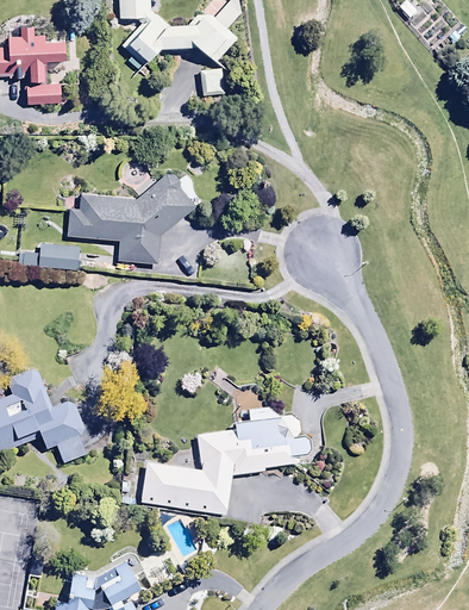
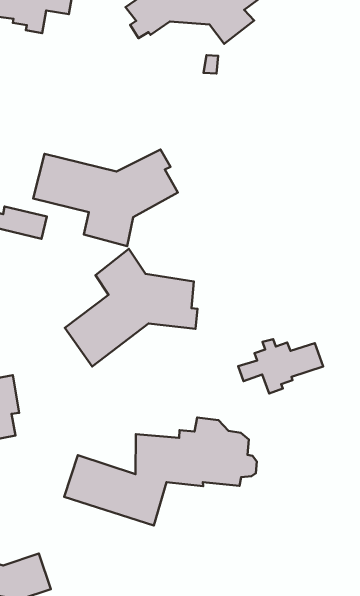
building: [26,83,62,105] -> none
building: none -> [65,249,198,367]
building: none -> [238,339,323,393]

